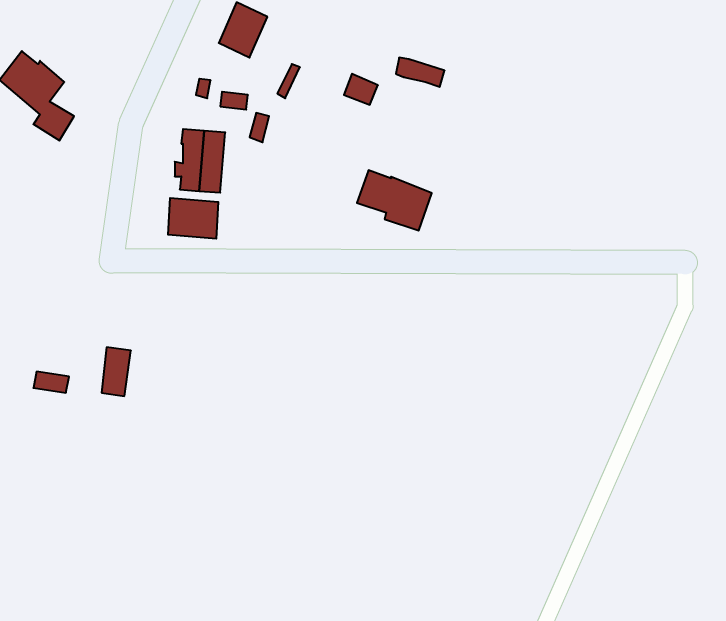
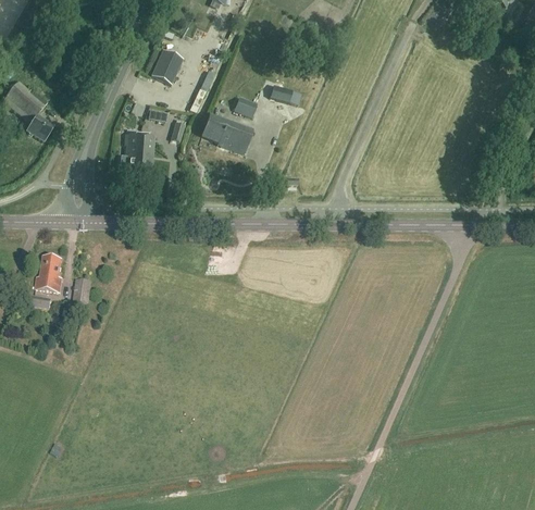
building: [357,170,432,231] -> [202,112,252,152]
building: [168,198,218,239] -> none
building: none -> [34,257,61,293]

